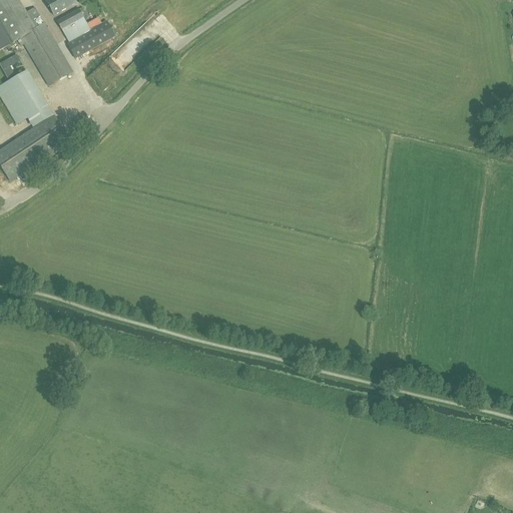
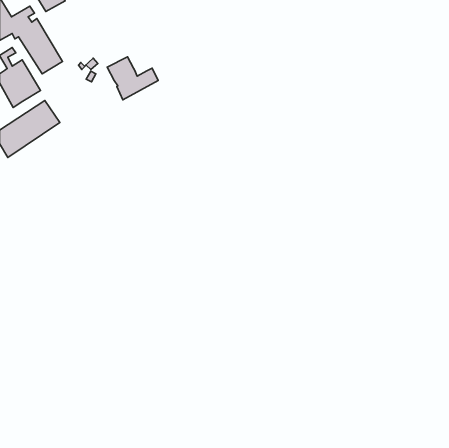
building: [55,7,113,56] -> [107,57,158,100]

